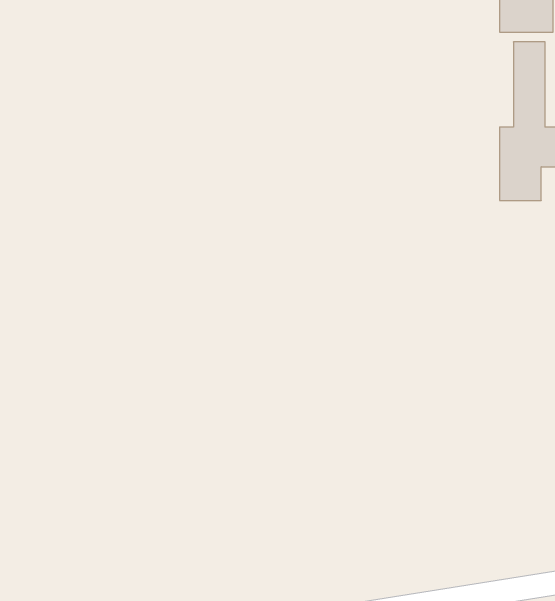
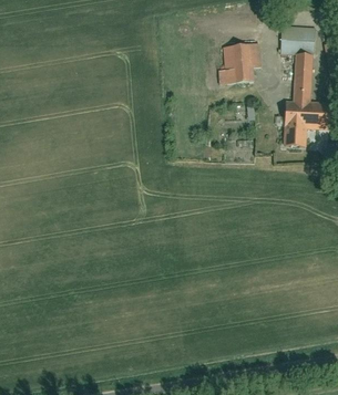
building: none -> [226,43,264,83]

